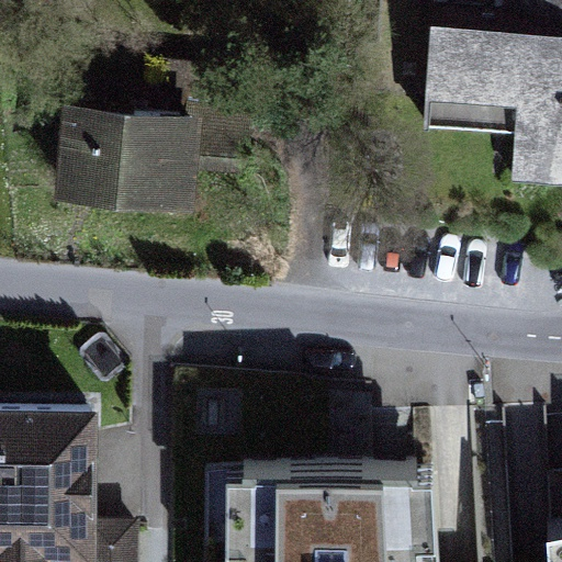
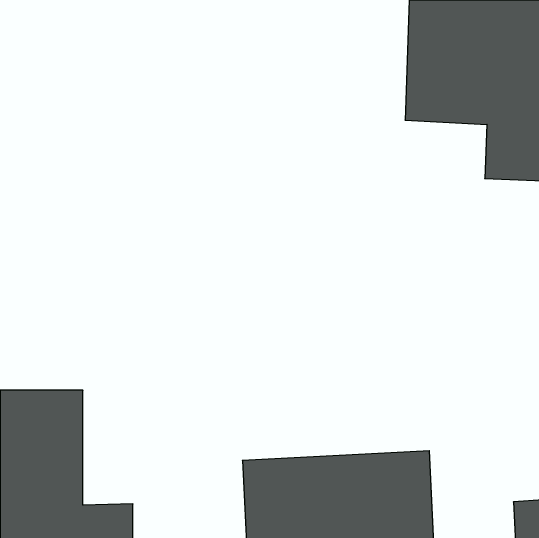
building: [50,106,263,224] -> none

